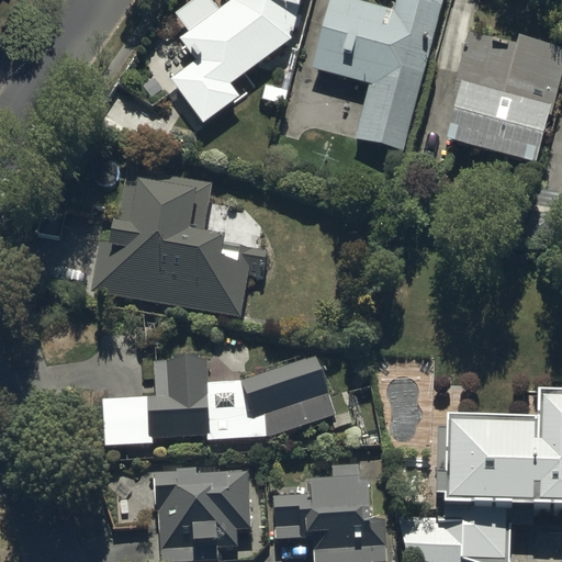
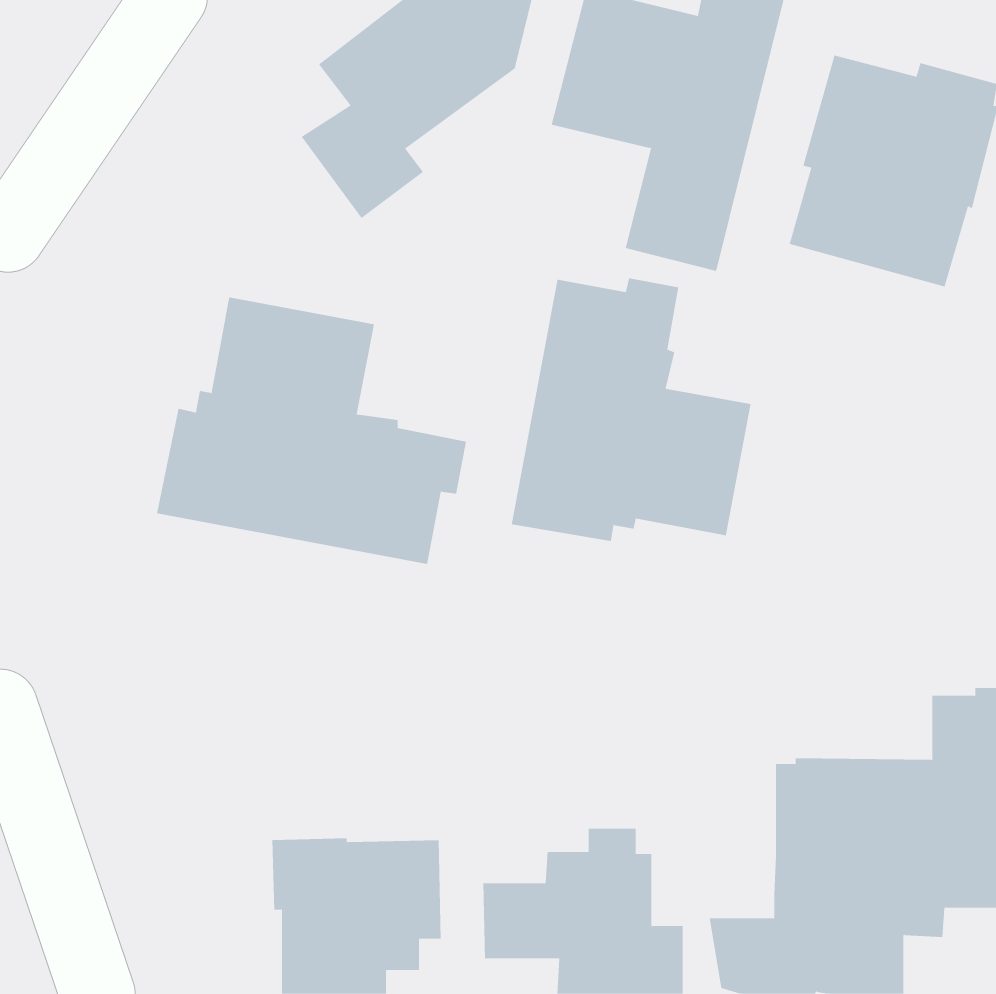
building: none -> [511,278,751,542]
building: [102,356,335,446] -> none

